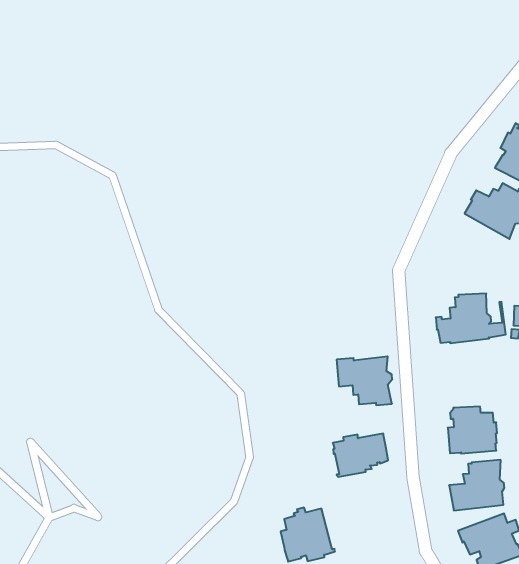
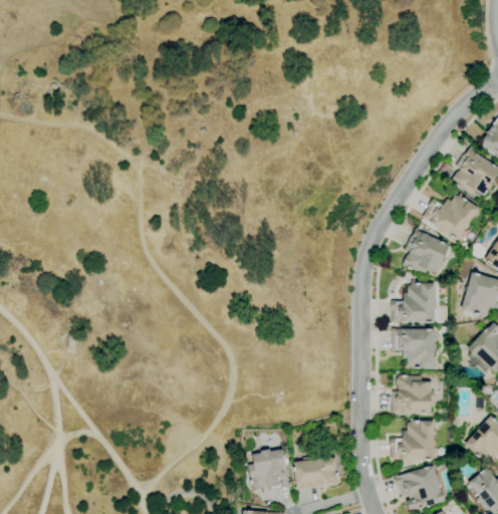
building: none -> [404,228,454,277]
building: [337,356,392,405] -> [394,328,438,368]
building: [333,434,388,477] -> [295,457,339,490]

